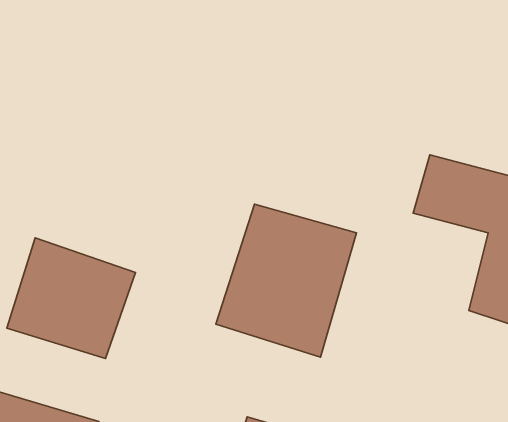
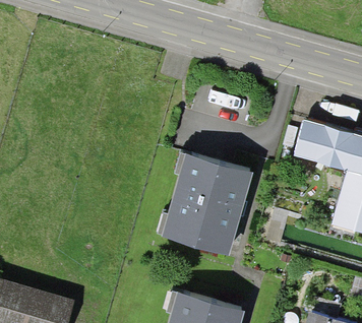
building: [7,238,136,358] -> none

